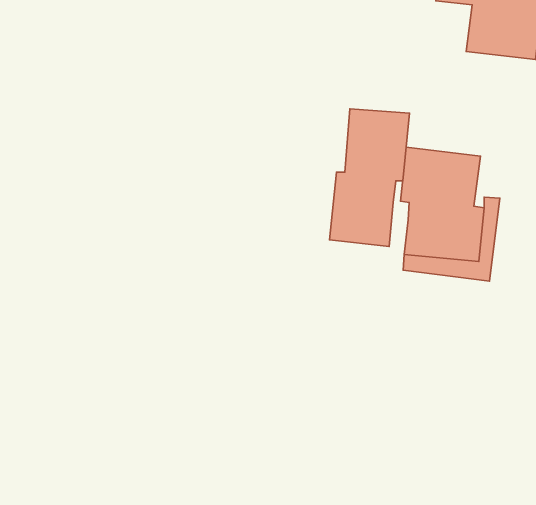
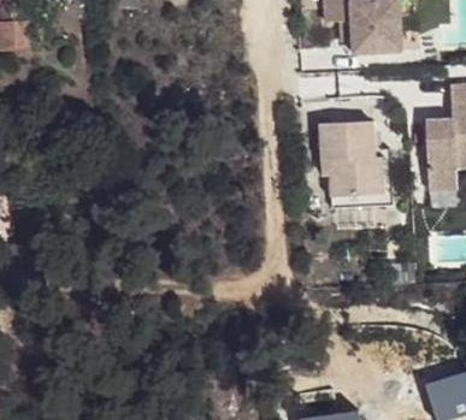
building: [330,109,410,246] -> none

